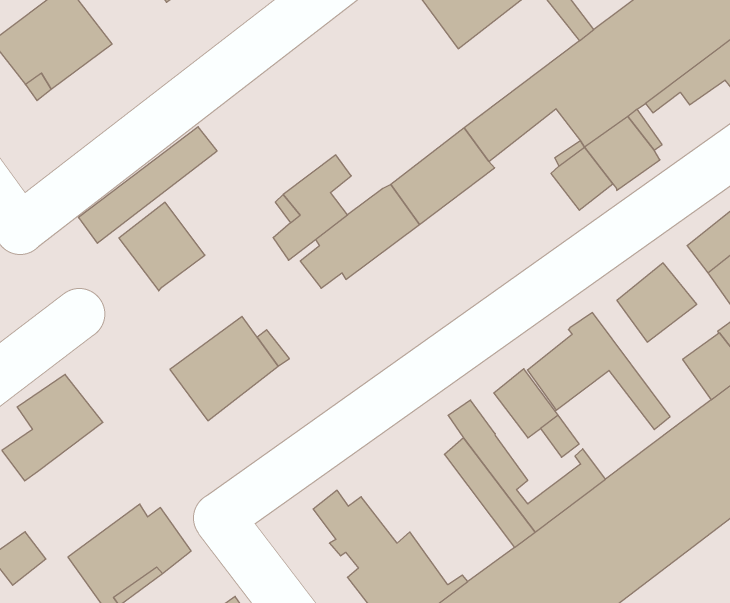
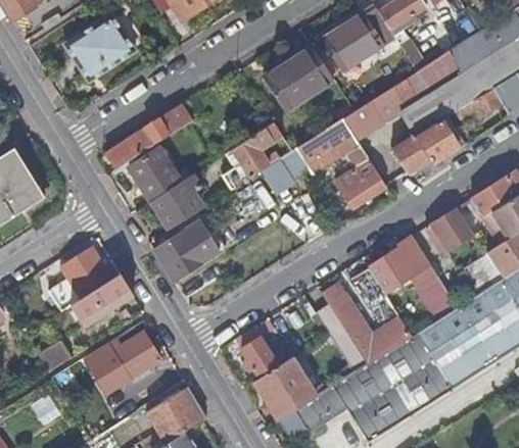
building: none -> [264,46,334,110]
building: none -> [337,158,387,206]
building: none -> [153,175,201,227]
building: none -> [69,272,134,327]

